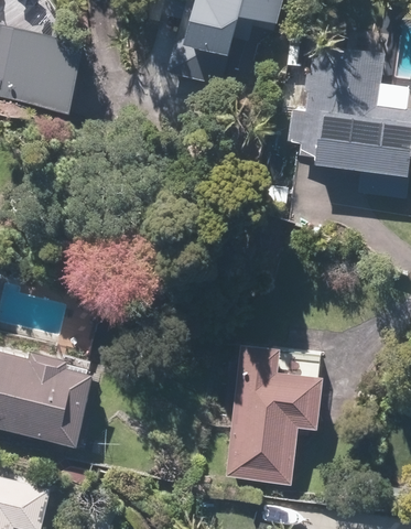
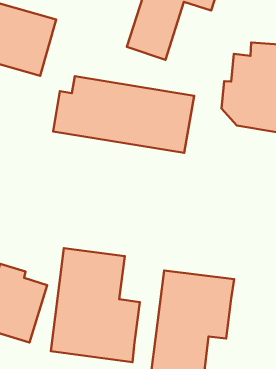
building: none -> [53,76,194,153]
building: none -> [51,248,140,362]

